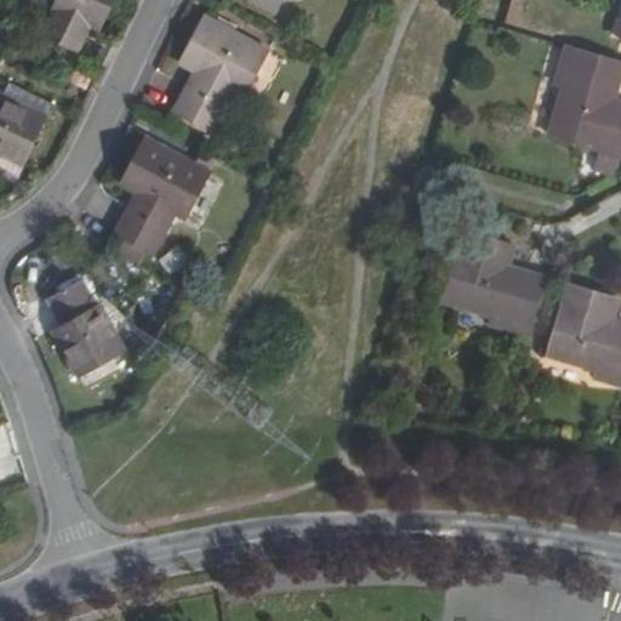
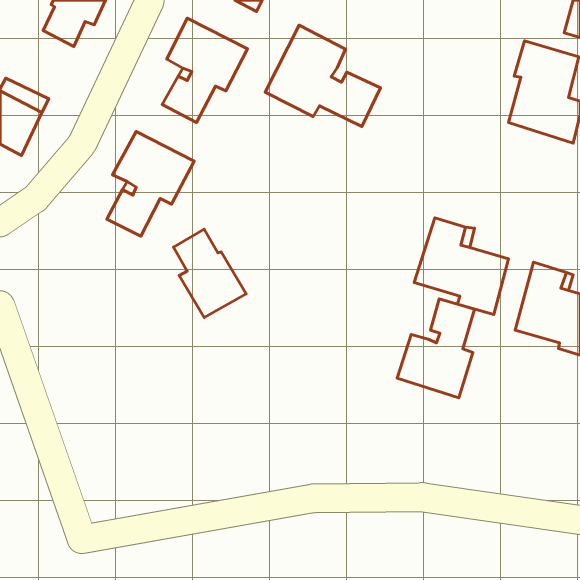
building: none -> [265,25,381,126]
building: [47,284,125,378] -> [174,229,246,318]
building: none -> [397,299,475,398]

